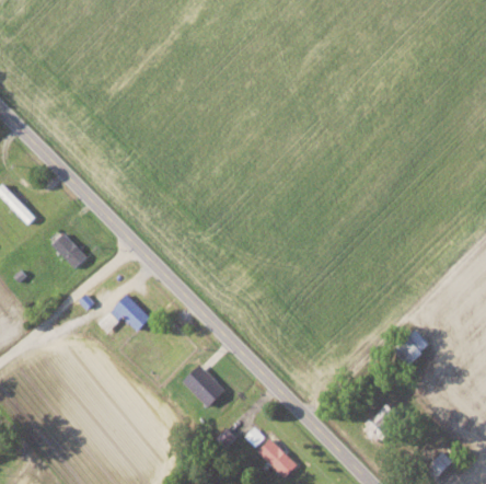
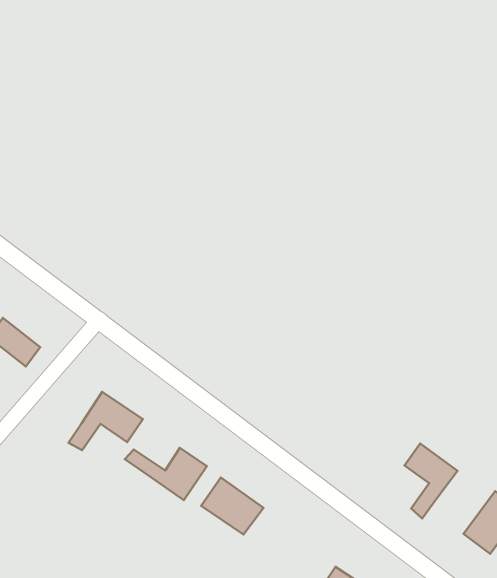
building: none -> [125,448,207,500]
building: none -> [404,444,458,519]

